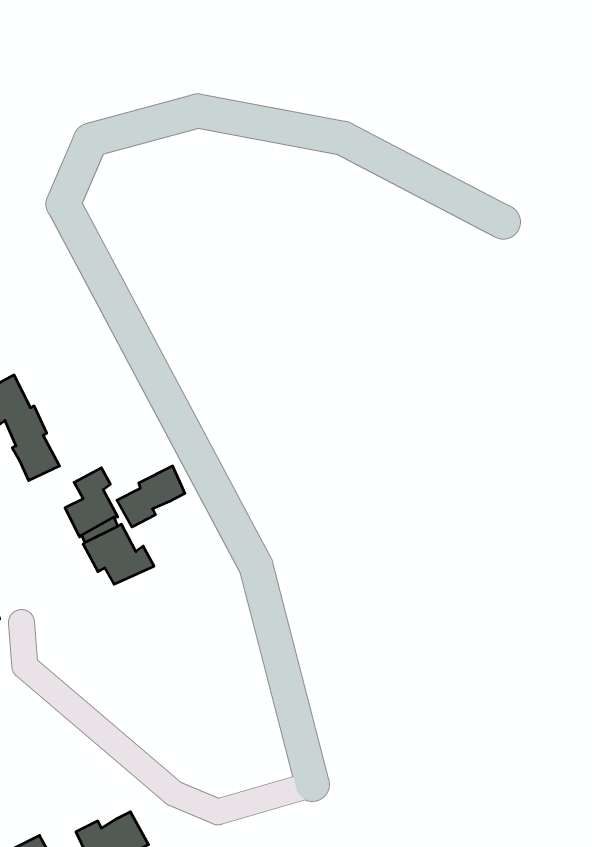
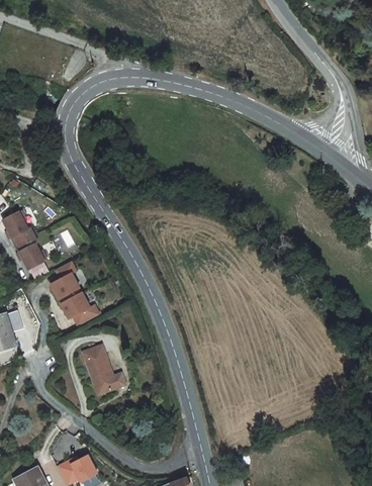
building: [117,466,185,527] -> none
building: none -> [83,347,119,393]

